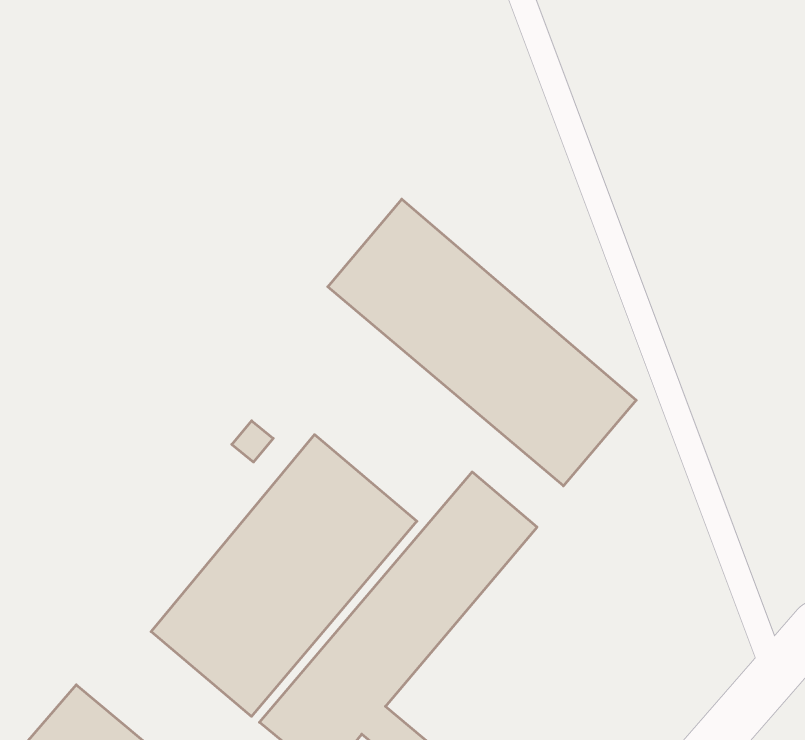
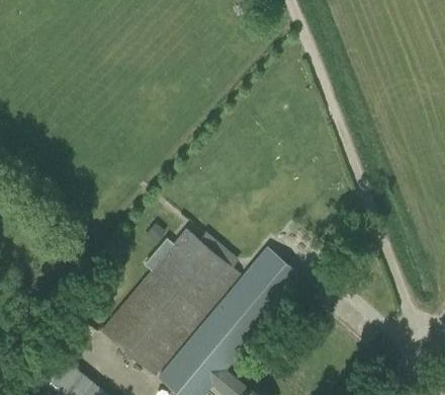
building: [328,199,636,486] -> none

